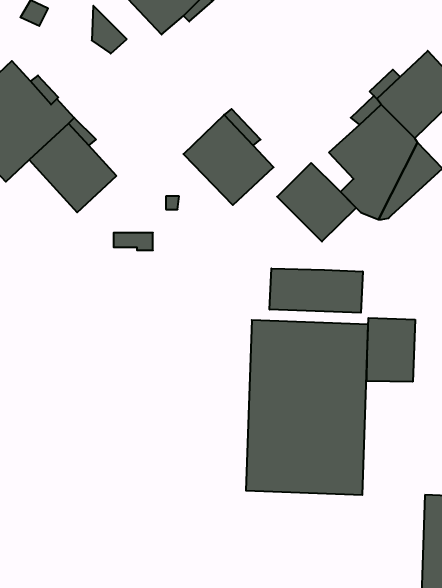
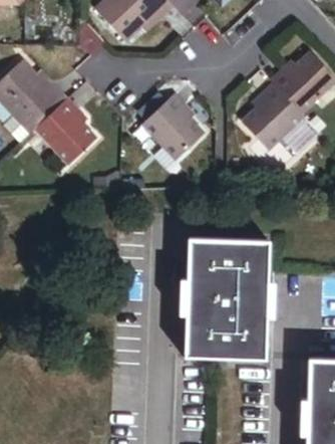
building: [277,163,356,242] -> none
building: [270,268,363,313] -> none
building: [367,318,415,382] -> none

